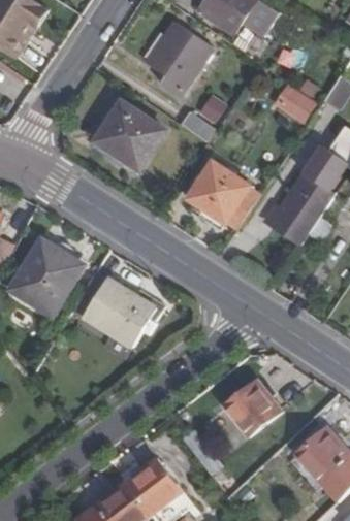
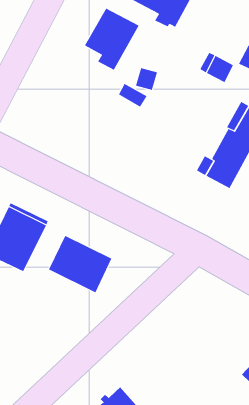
building: [95,101,163,168] -> none
building: [188,161,258,229] -> none
building: [221,383,279,439] -> none

